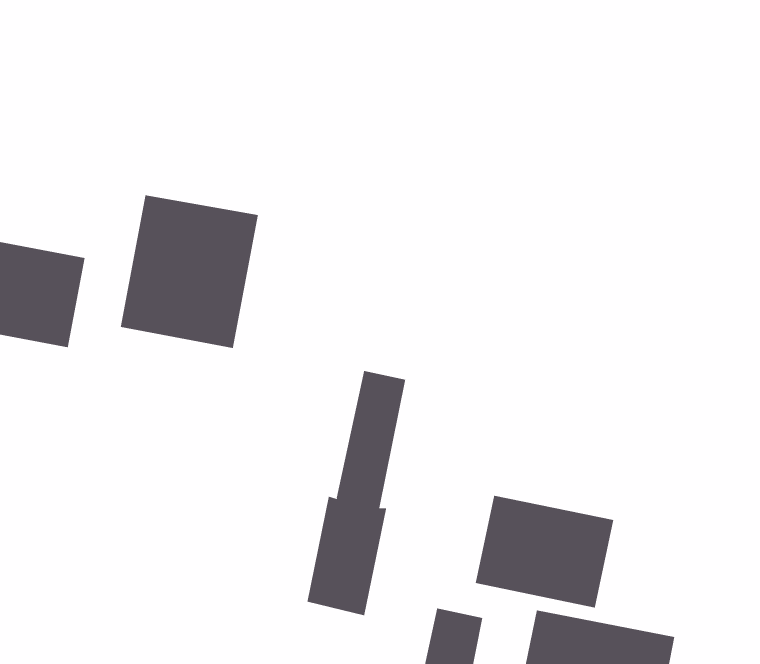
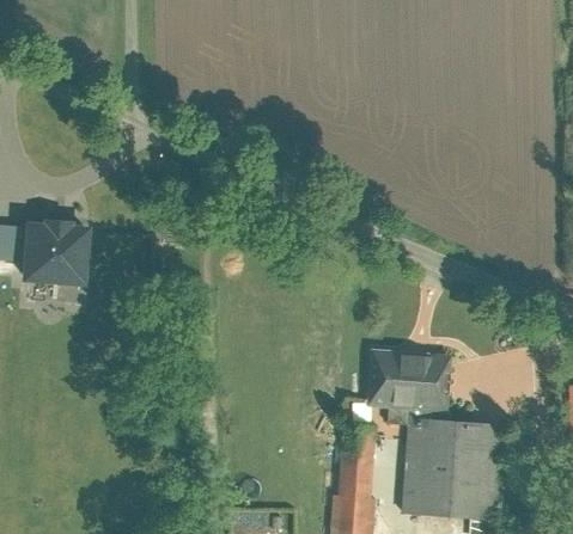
building: [120,195,258,349] -> none
building: [307,370,406,616] -> none

